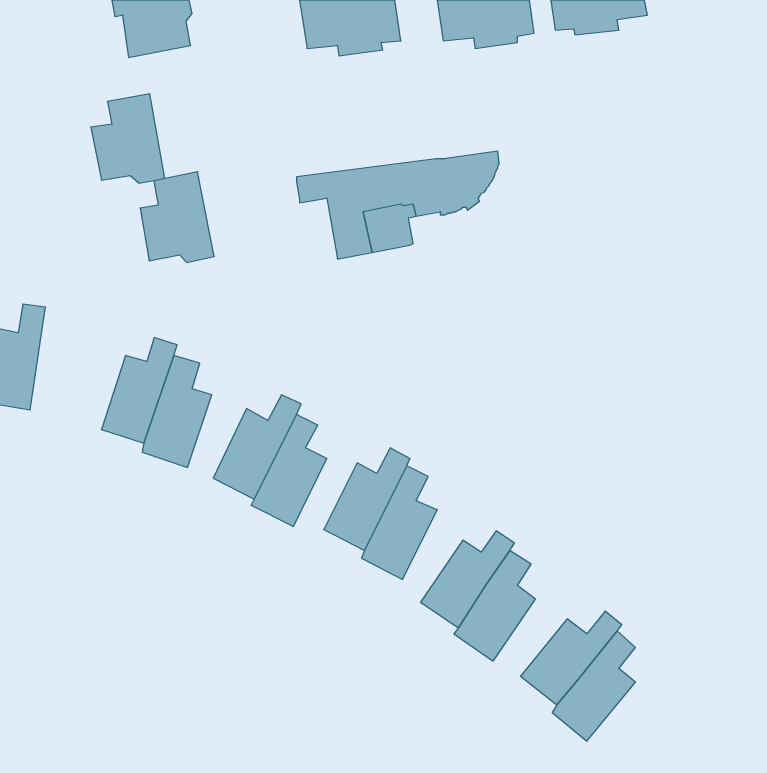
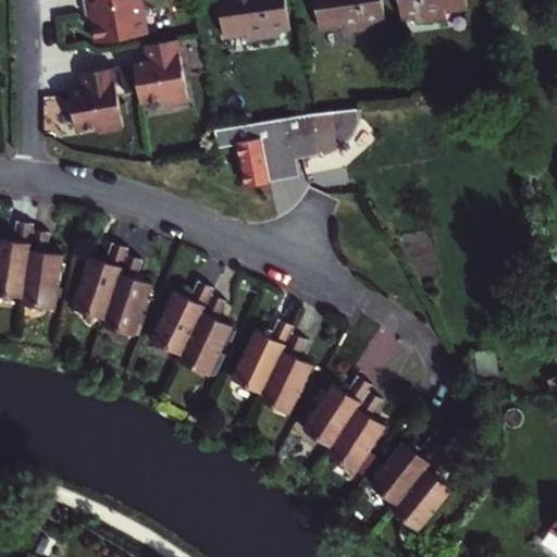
building: [140,172,214,263] -> [131,38,184,103]
building: none -> [21,228,62,306]

